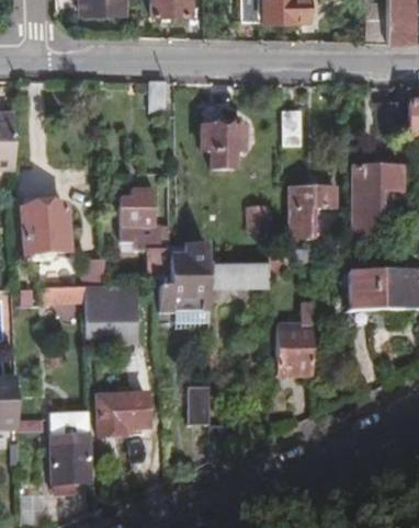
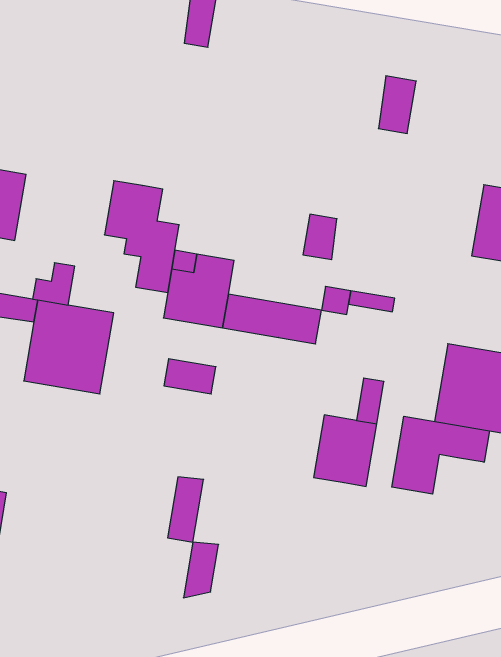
building: [212,129,252,170] -> none
building: [290,186,335,236] -> none
building: [160,285,206,310] -> none
building: none -> [392,416,489,494]
building: [97,395,148,436] -> none

